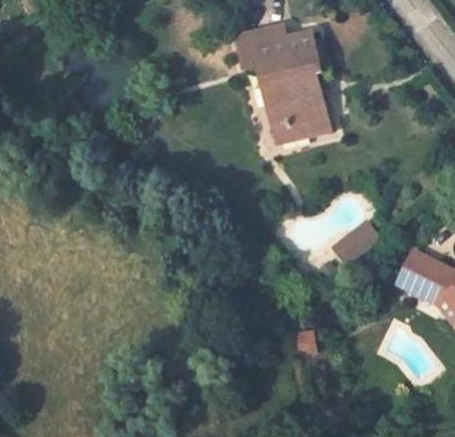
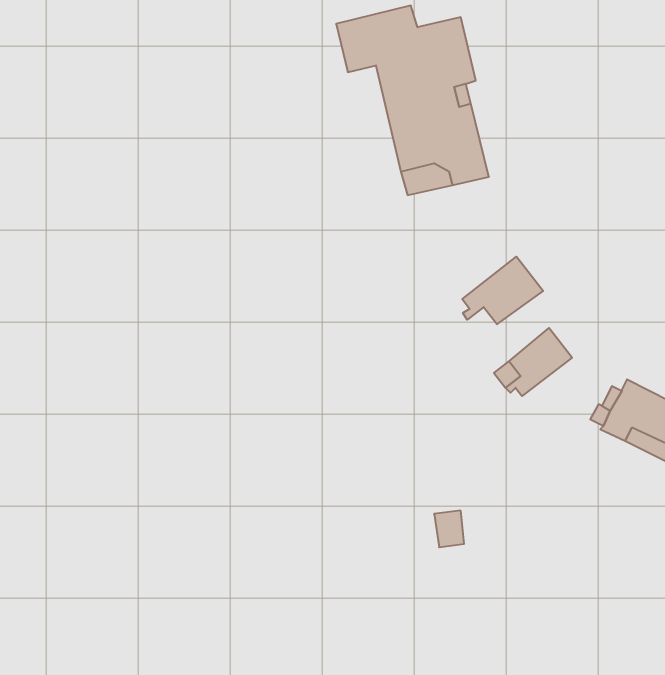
building: none -> [462,257,543,324]

